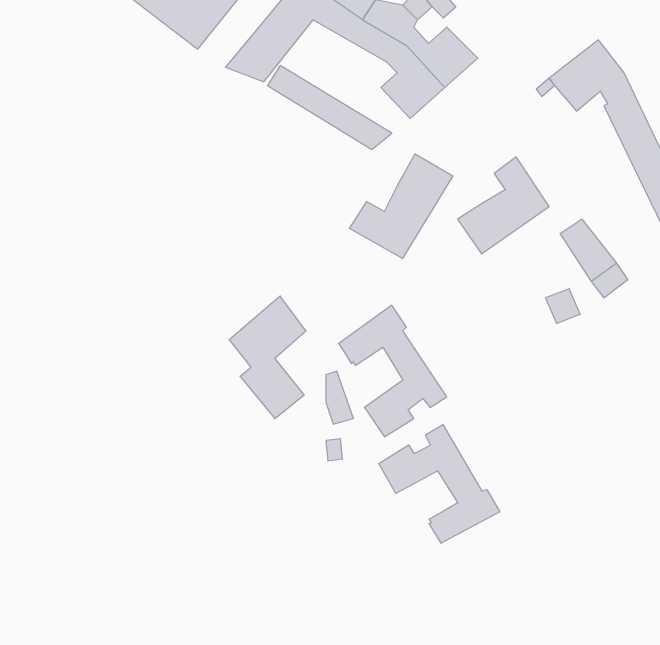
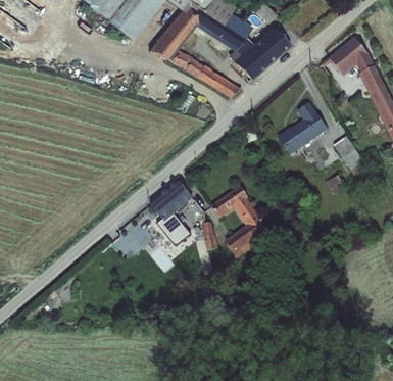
building: [349,154,453,259] -> none
building: [379,425,500,543] -> none

